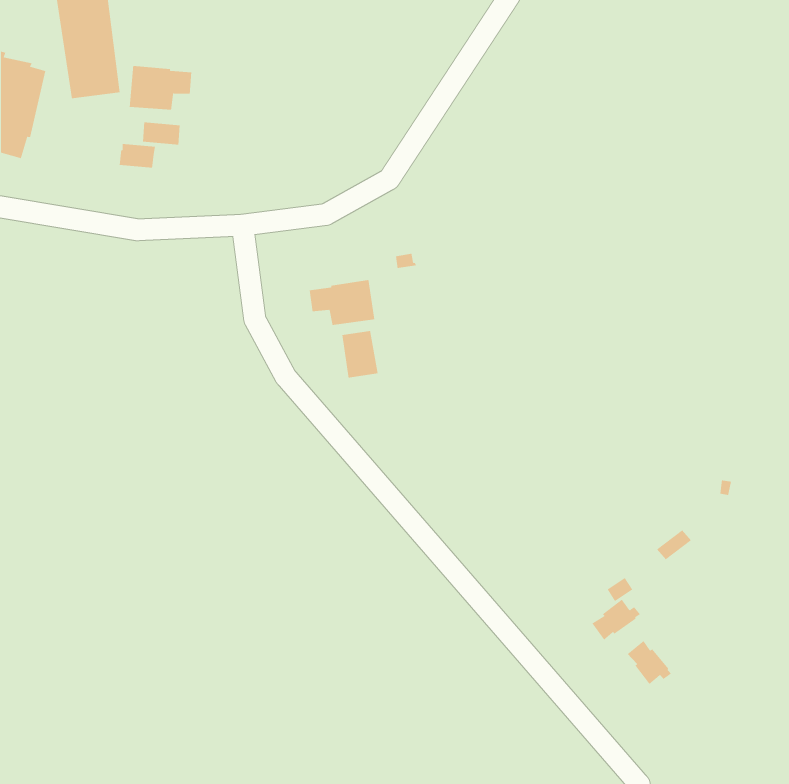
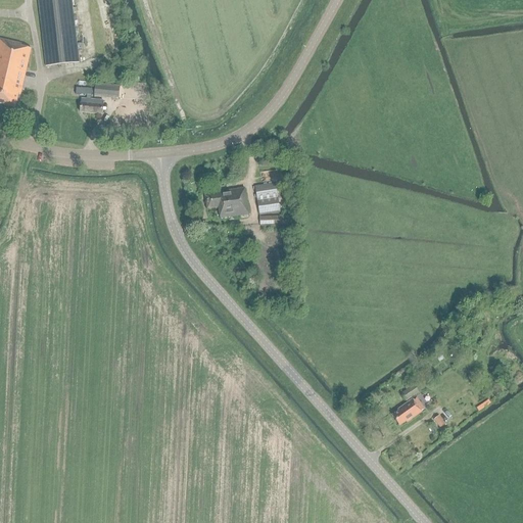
building: [129,65,192,110] -> none
building: [342,330,379,378] -> [255,182,280,213]
building: [627,640,672,685] -> none

